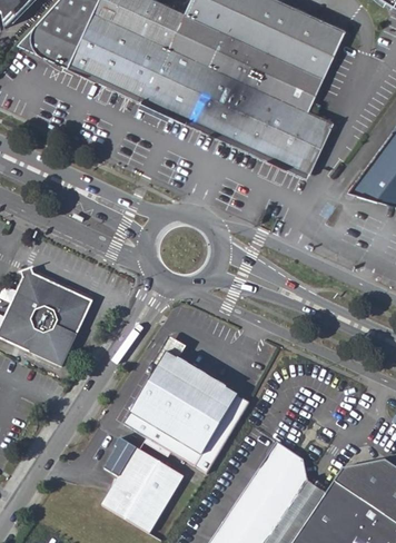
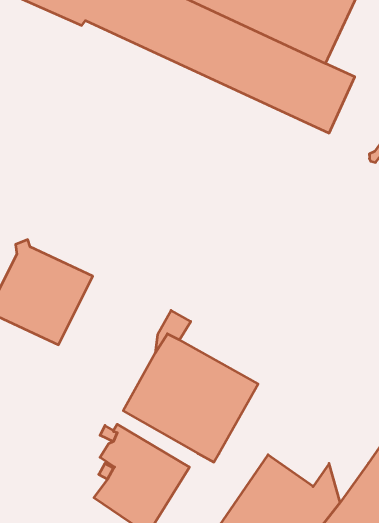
building: [255,435,310,495] -> none

